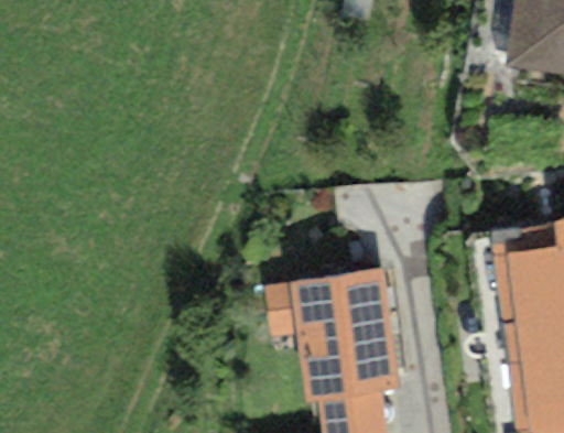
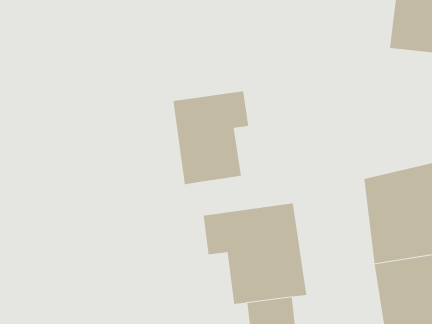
building: none -> [173,90,249,185]

